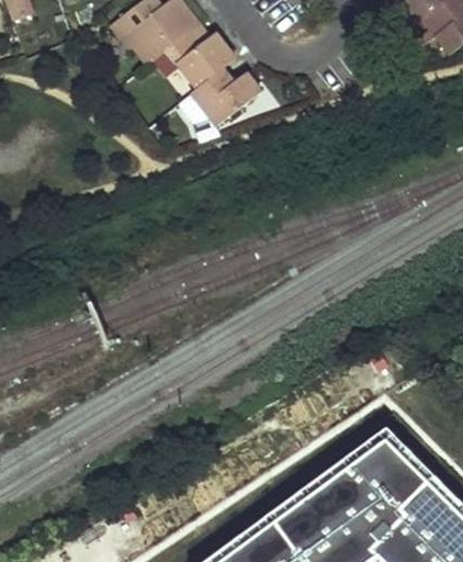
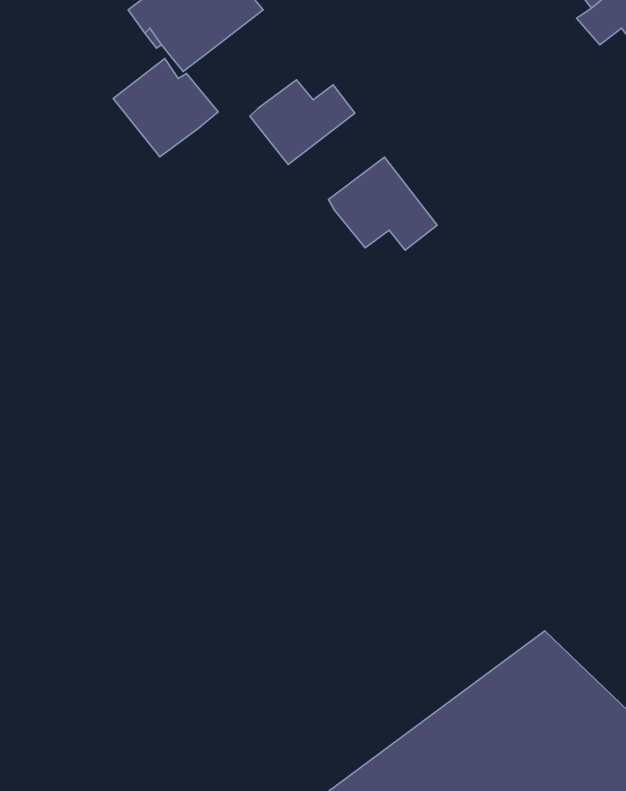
building: [167,24,236,89] -> [113,58,218,157]
building: none -> [328,157,437,250]

